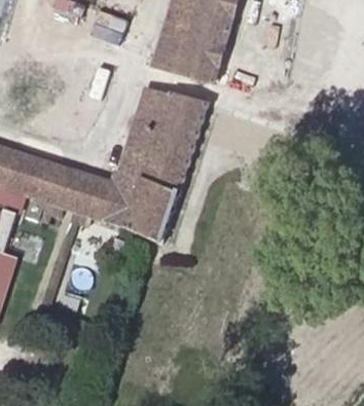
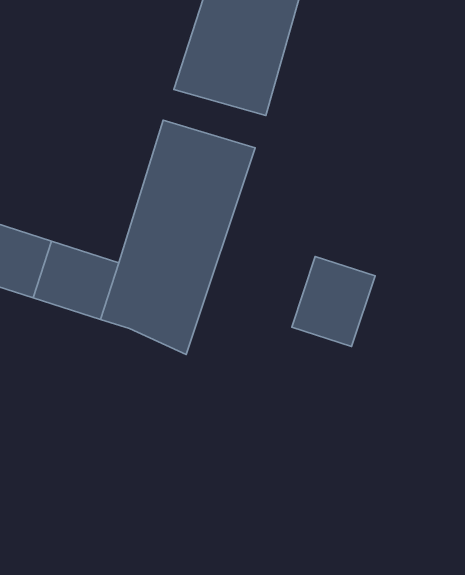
building: none -> [292,256,375,347]

